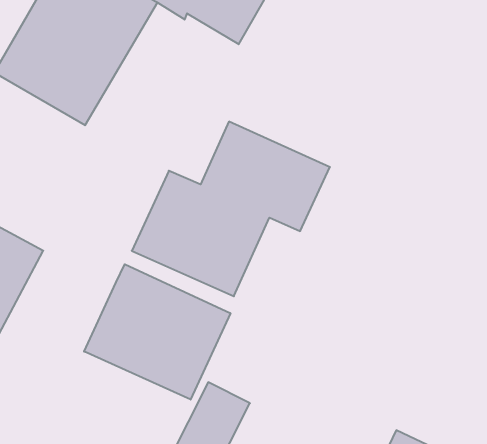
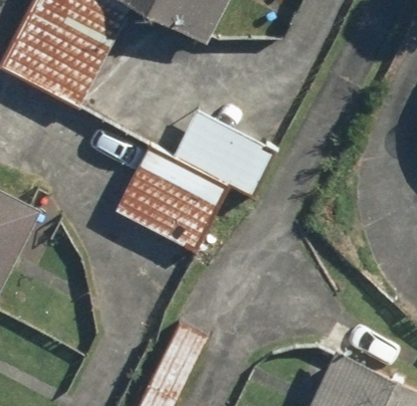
building: [84,264,230,400] -> none

